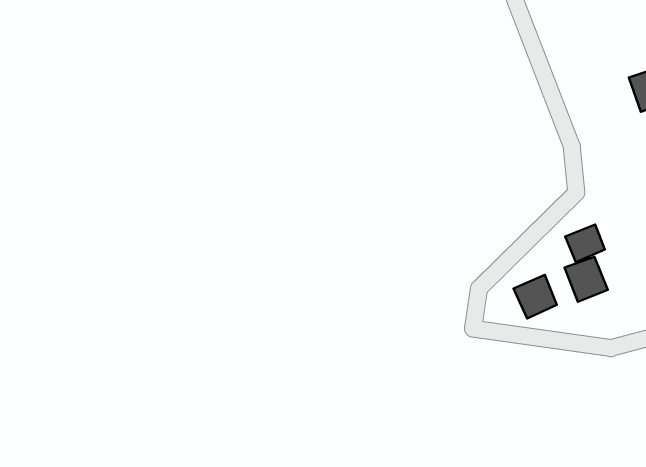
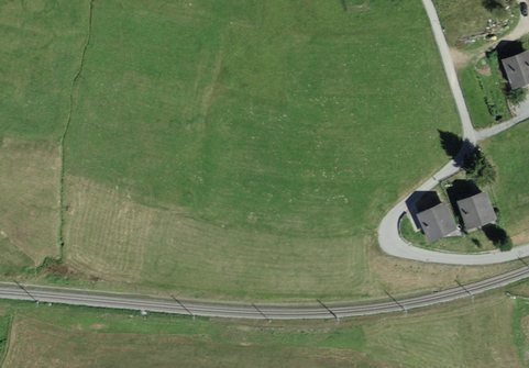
building: [565,224,605,262] -> none

